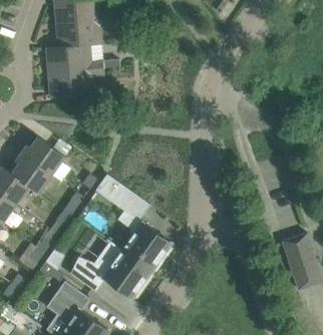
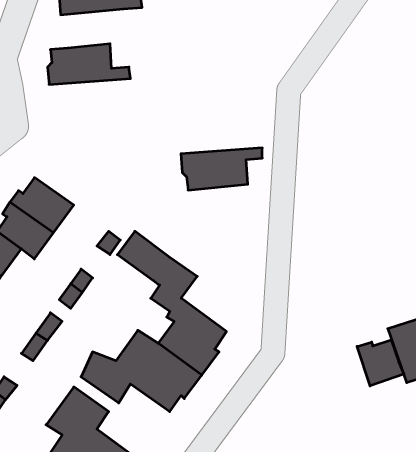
building: [55,19,112,47] -> none
building: [47,68,103,97] -> [181,148,262,190]
building: none -> [357,340,404,386]

